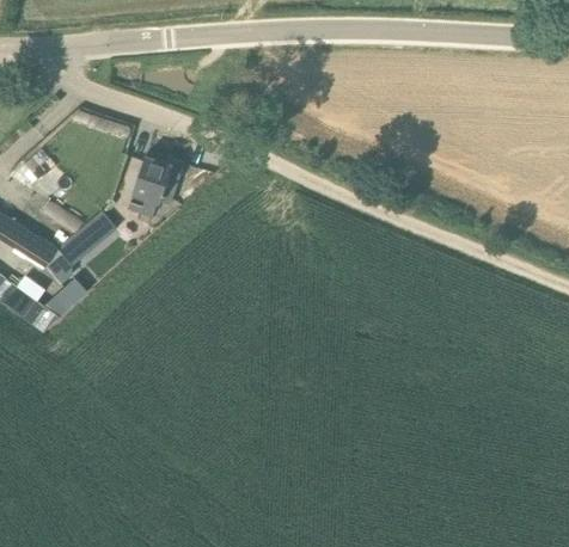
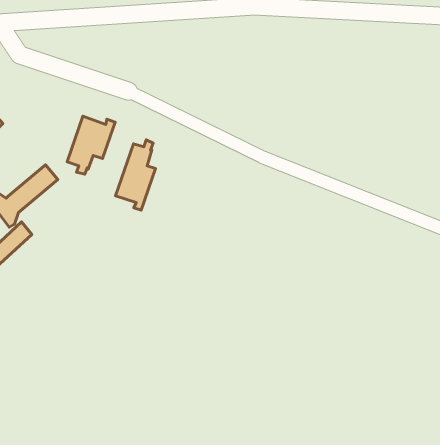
building: none -> [116,140,155,210]

